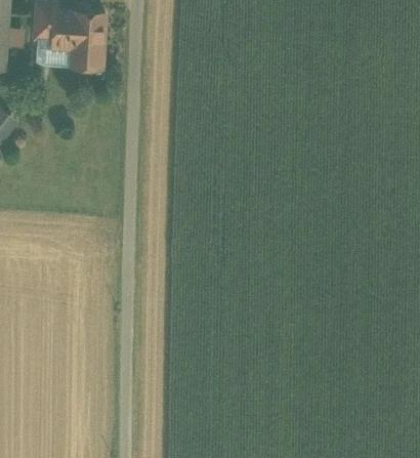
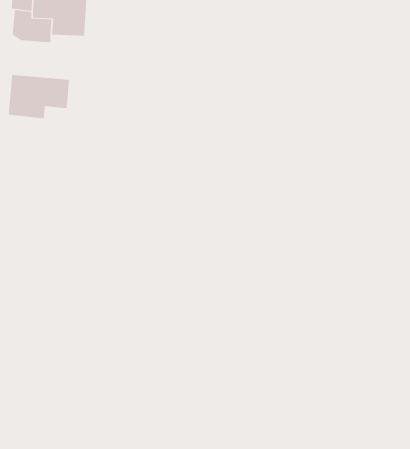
building: none -> [8,74,69,119]

